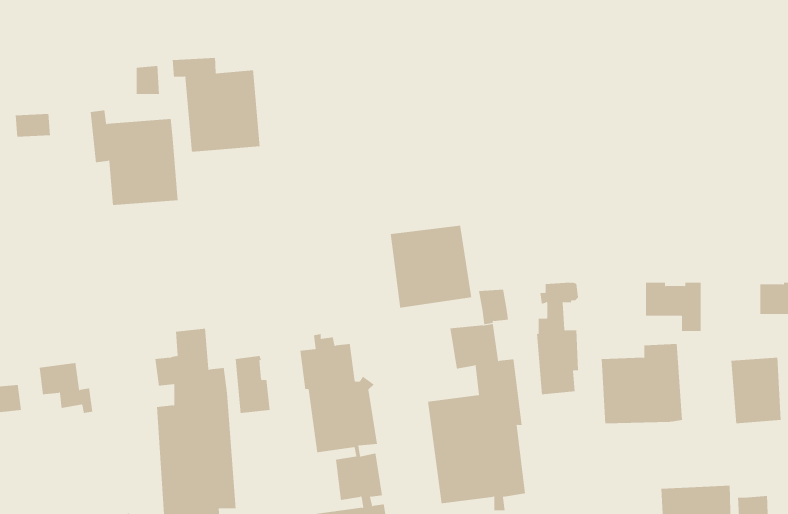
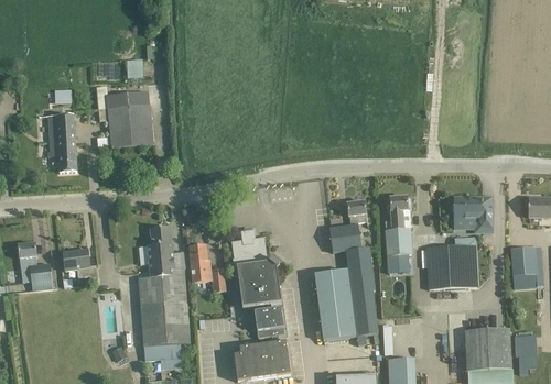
building: [172,57,260,152] -> none
building: none -> [45,114,77,172]
building: [390,225,472,309] -> none

